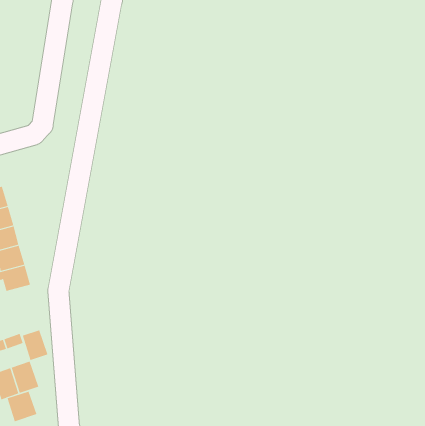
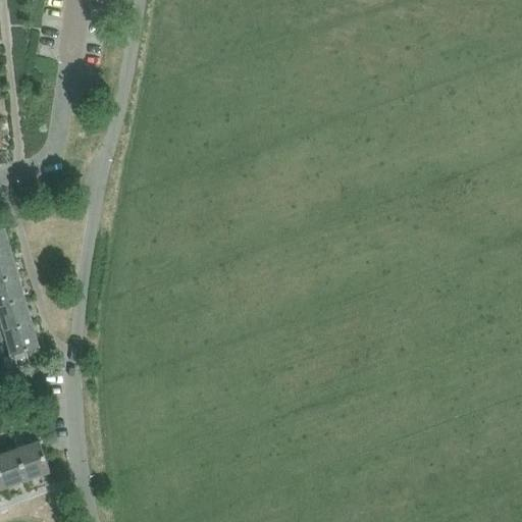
building: [22,330,48,361] -> none
building: [7,391,37,422] -> none

